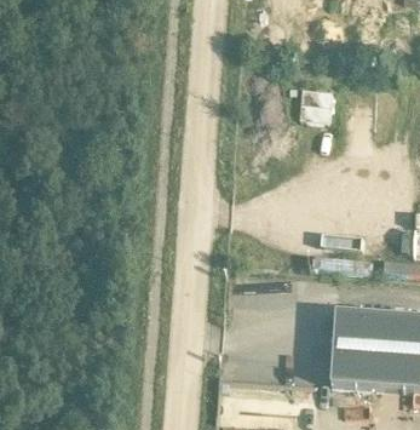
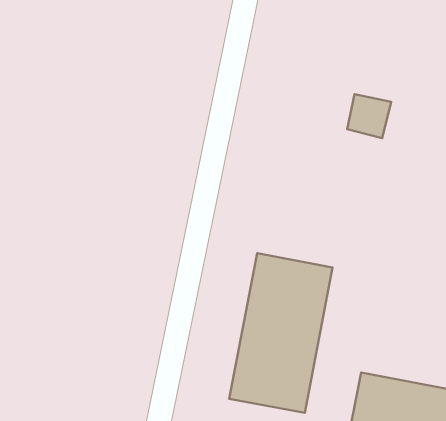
building: none -> [229,253,333,413]

